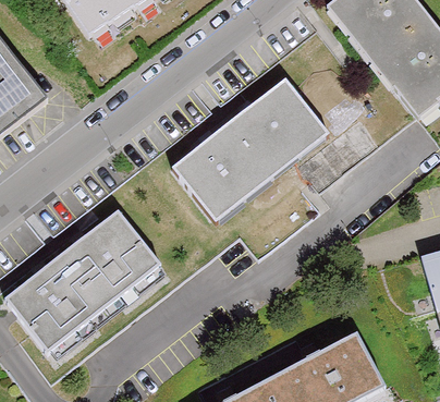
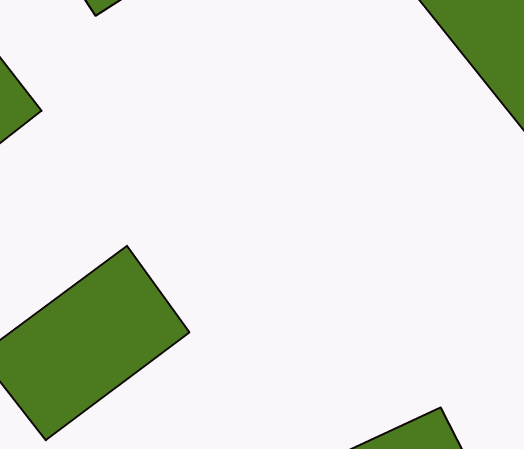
building: [171,77,331,222] -> none

